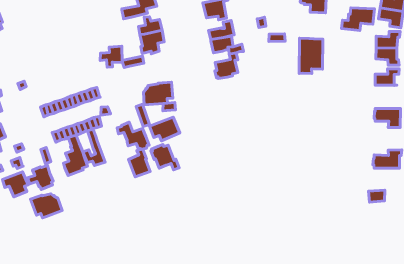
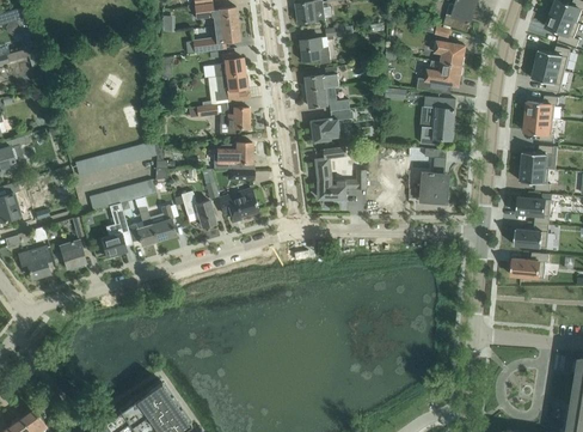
building: [341,8,374,31] -> [416,62,461,93]
building: [100,46,122,67] -> [219,108,248,134]
building: none -> [416,148,447,202]
building: none -> [317,146,366,202]
building: none -> [518,166,550,191]
building: none -> [513,224,548,249]
building: [151,145,179,170] -> none
building: [128,149,150,177] -> [148,206,176,242]
building: [31,194,62,218] -> none

